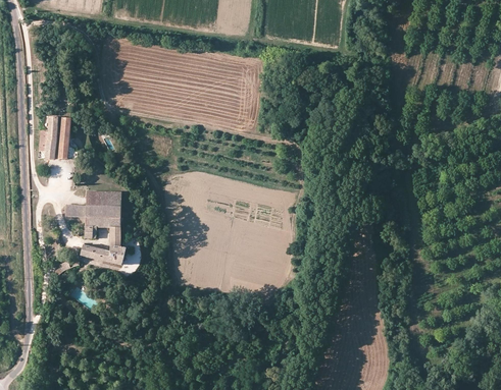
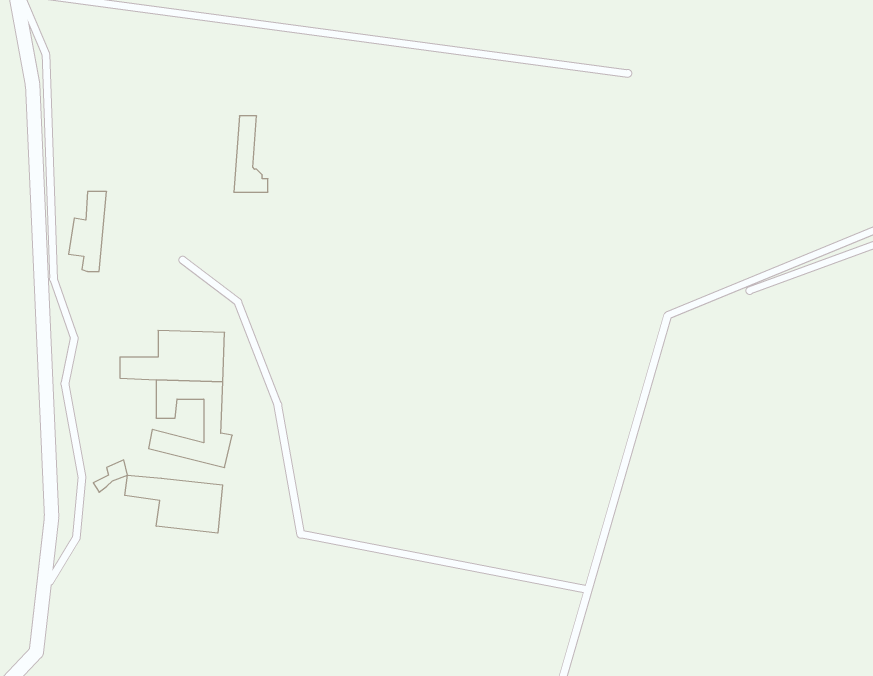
building: [58,117,77,158] -> [234,116,268,192]
building: none -> [125,475,223,533]

